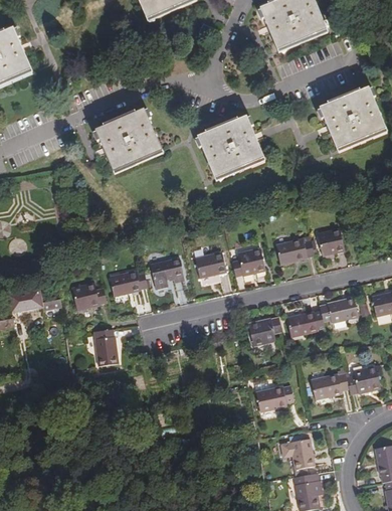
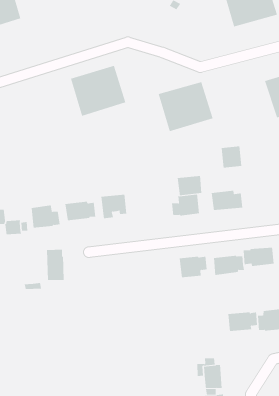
building: [317,227,344,256] -> [221,146,242,168]
building: [193,250,224,277] -> [177,175,202,196]
building: [252,386,290,411] -> none

